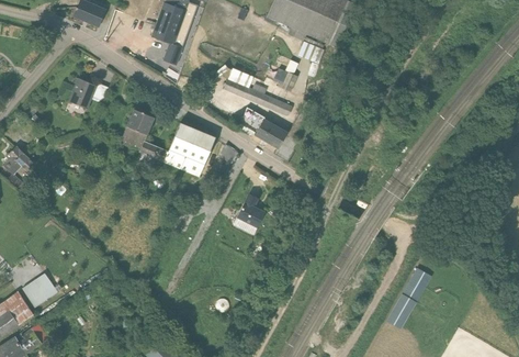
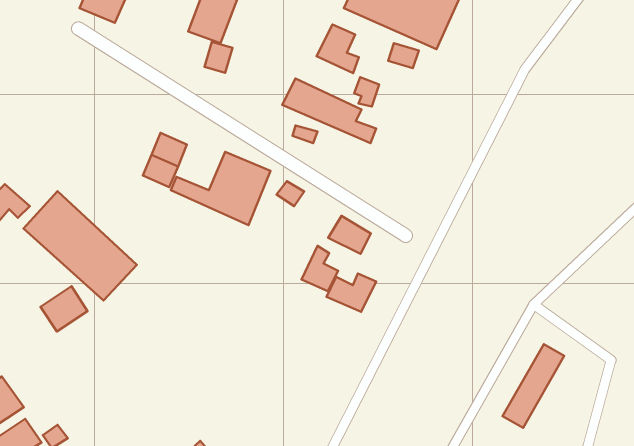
building: none -> [317,24,359,73]
building: [66,78,95,110] -> none
building: [255,120,286,148] -> [328,216,371,254]
building: none -> [24,191,137,301]
building: none -> [326,274,376,312]
building: [19,274,54,308] -> [41,286,88,332]

